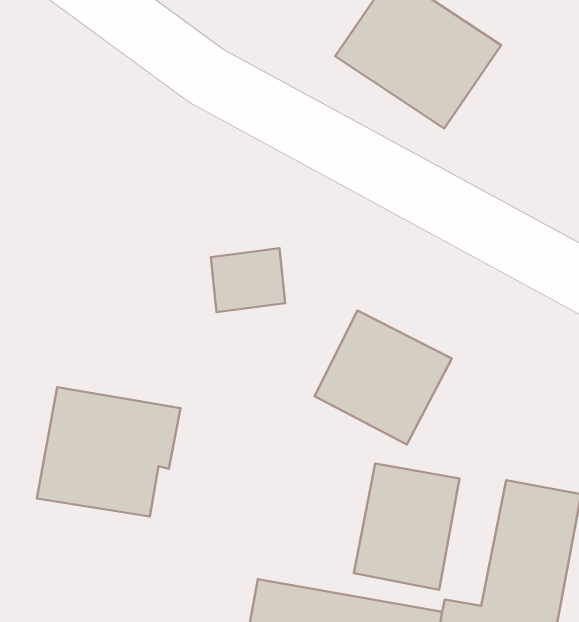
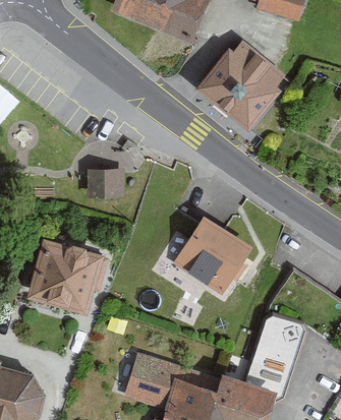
building: [211,248,285,312] -> [86,169,121,198]
building: [354,463,459,590] -> none

